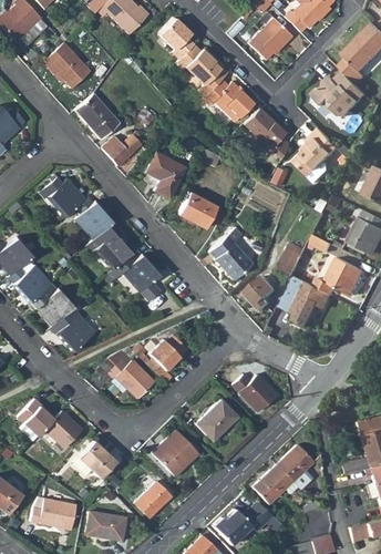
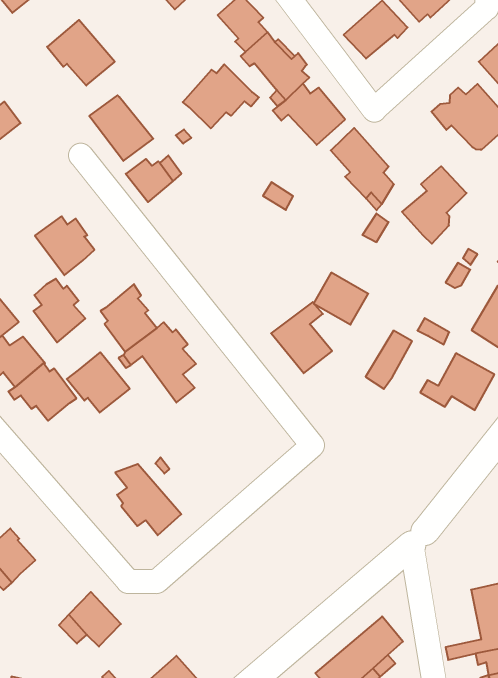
building: none -> [183,64,259,128]
building: [144,151,183,197] -> none
building: [177,192,215,227] -> [314,273,368,325]
building: [74,196,111,240] -> [33,279,85,342]
building: [279,277,332,327] -> none
building: [247,278,278,312] -> none
building: [49,308,93,350] -> [67,352,130,413]
building: [147,334,186,370] -> none
building: [230,371,276,410] -> none
building: [196,400,239,443] -> none
building: [43,410,81,449] -> none
building: [152,429,198,475] -> none

